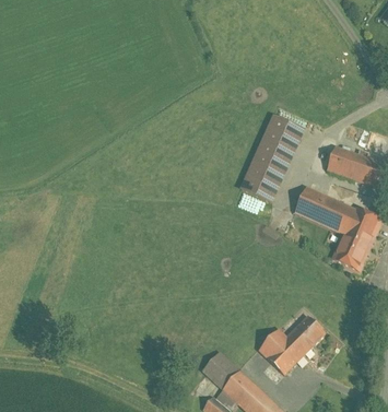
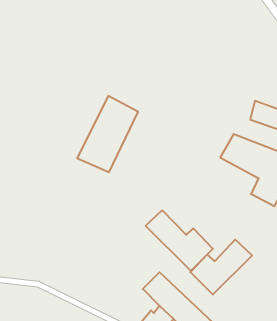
building: [236,116,307,205] -> [77,96,138,172]
building: none -> [146,210,213,271]

